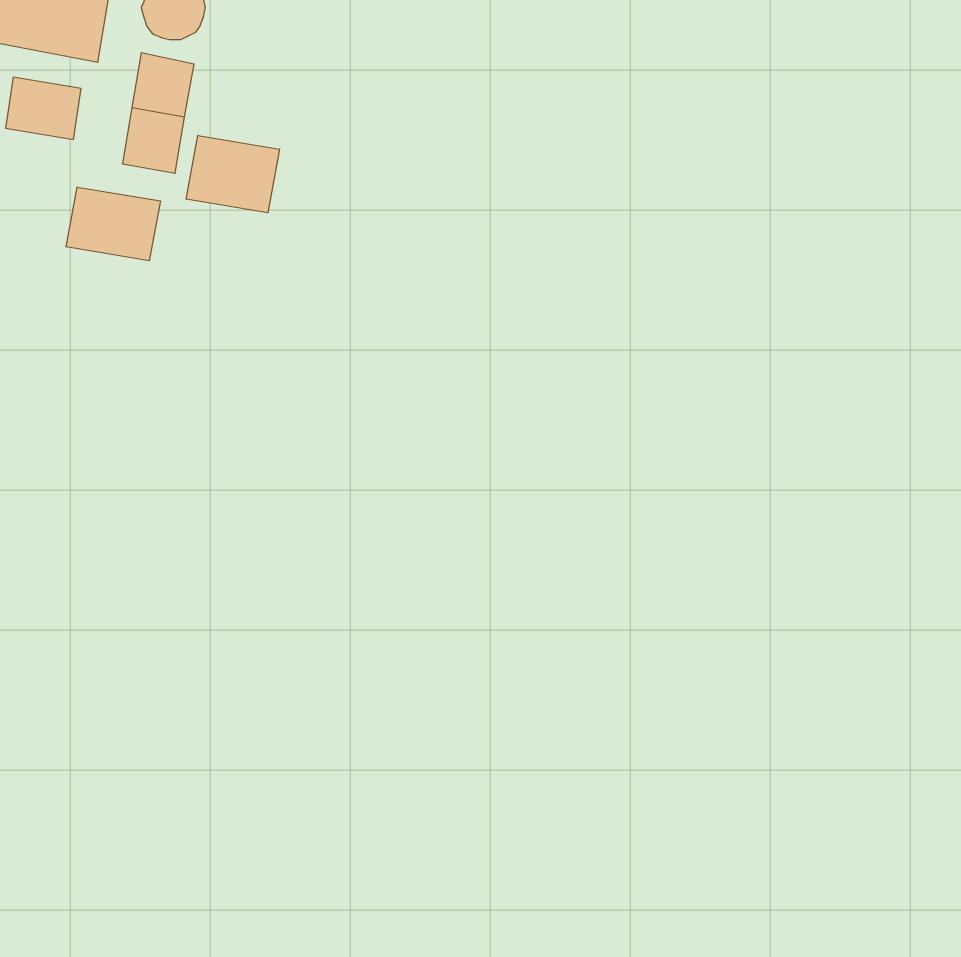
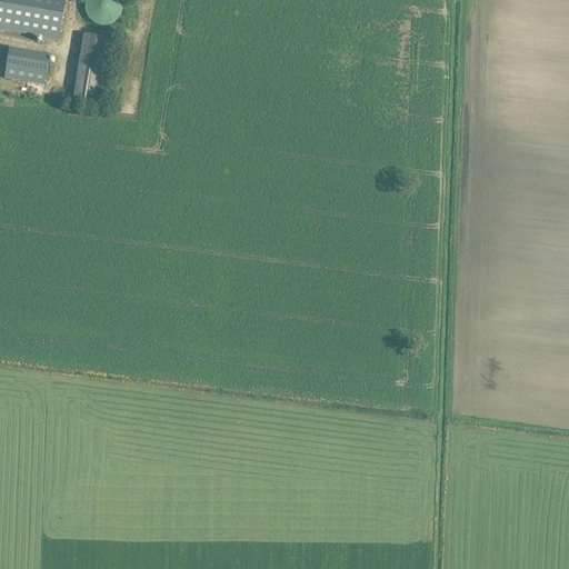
building: [186,135,280,213] -> none
building: [66,187,160,261] -> none

